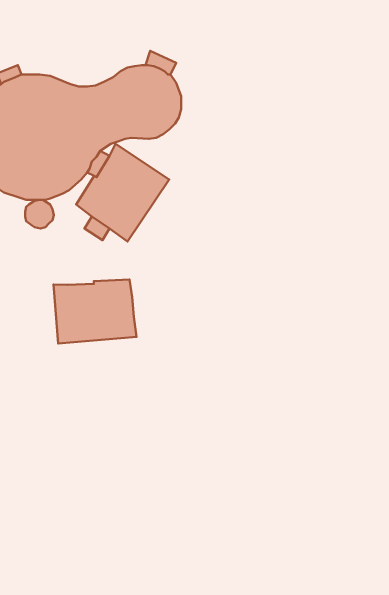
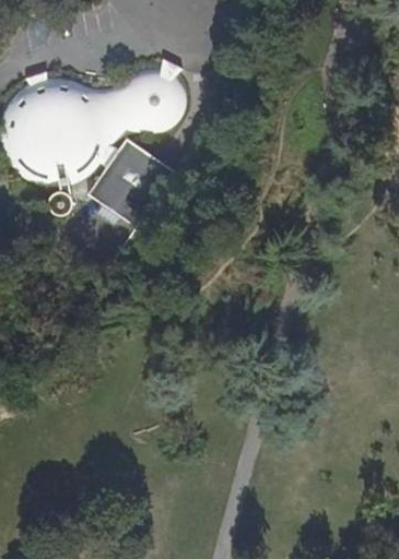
building: [53,279,136,343] -> none

